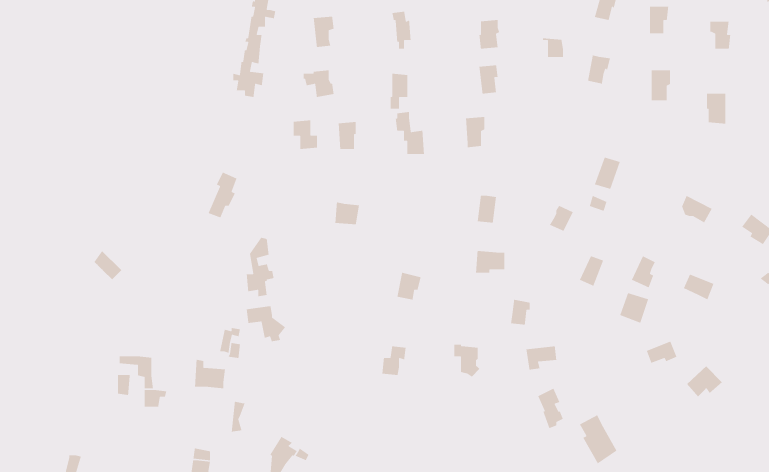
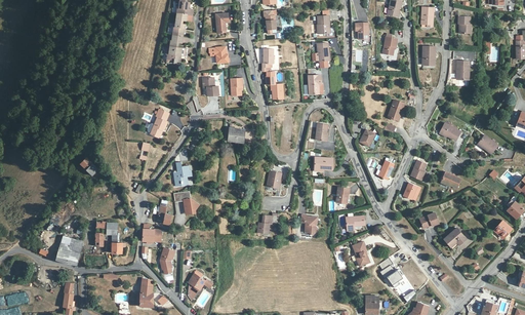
building: none -> [55,238,83,265]

